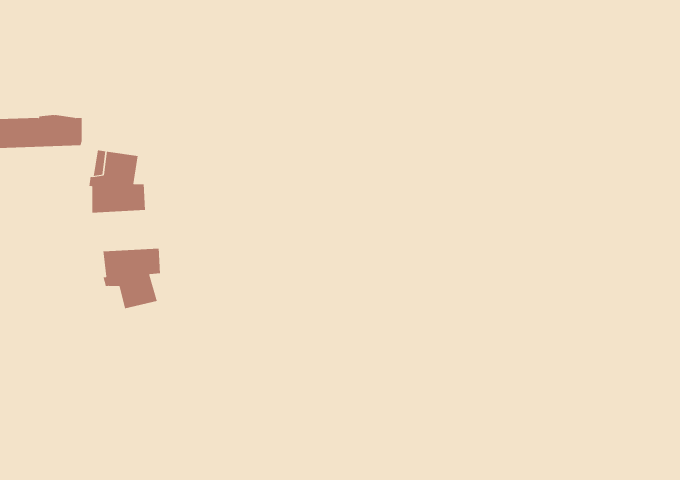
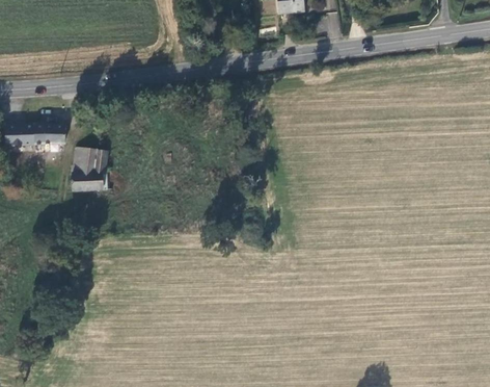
building: [103,248,160,309] -> none

